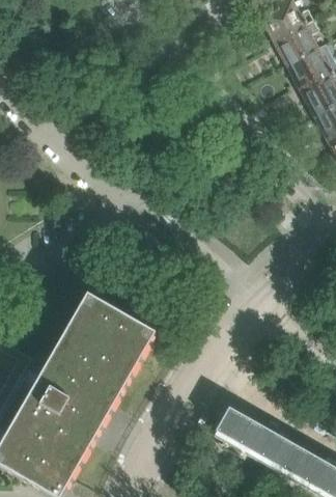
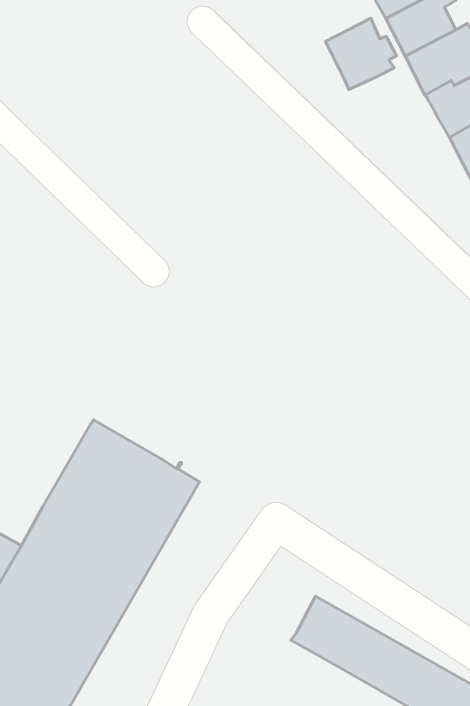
building: none -> [326,18,396,90]

